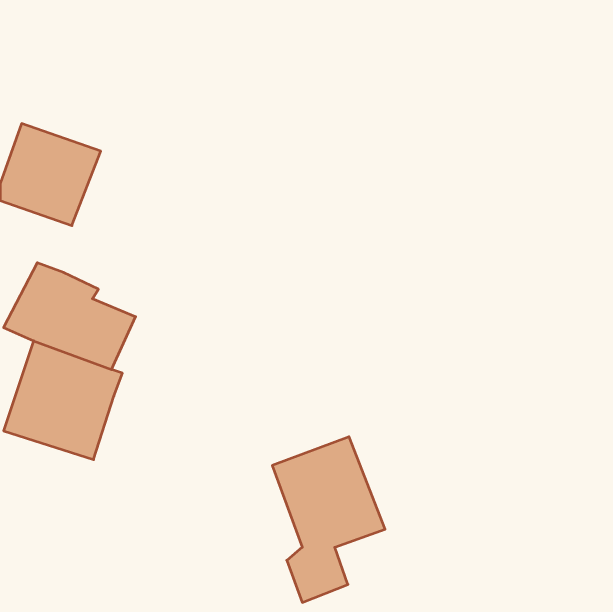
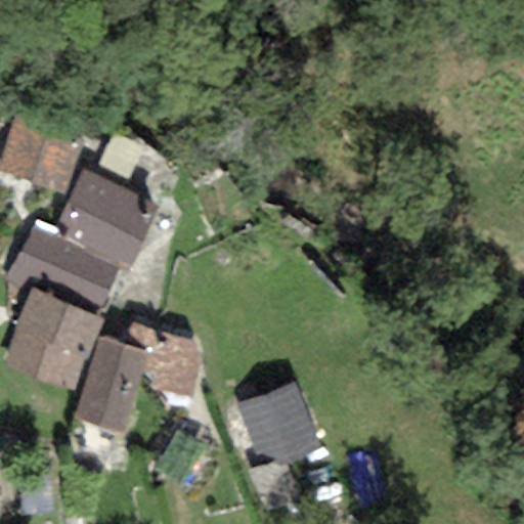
building: none -> [54,170,157,273]
building: none -> [73,322,208,433]

